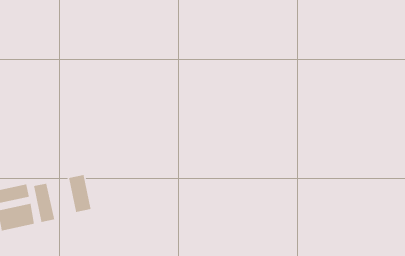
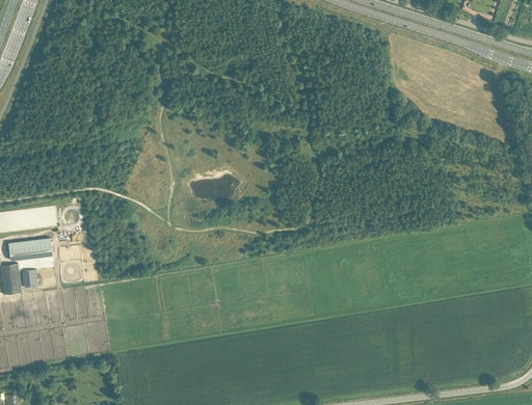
building: [68,174,91,213] -> none

